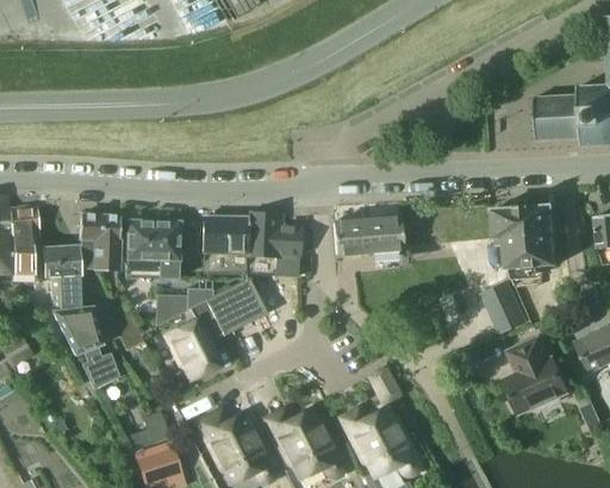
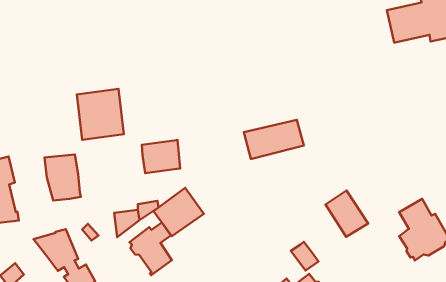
building: [492,206,556,269] -> none
building: [245,213,298,277] -> none
building: [125,220,180,279] -> [77,89,124,140]
building: [43,246,80,312] -> none
building: [480,281,529,338] -> [326,191,368,237]

